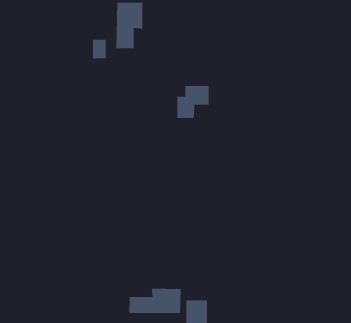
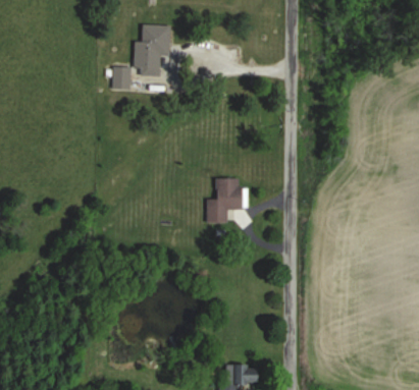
building: [176,85,210,119] -> [206,186,244,224]
building: [129,288,181,314] -> none

